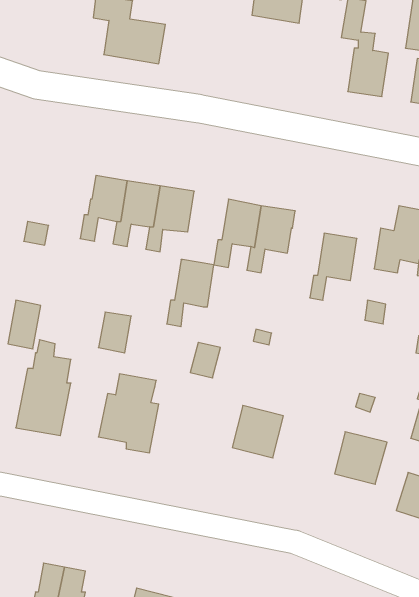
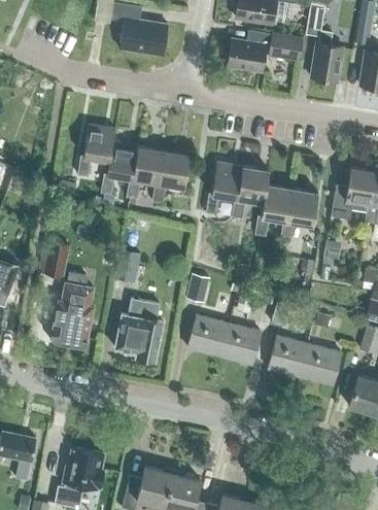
building: none -> [227,33,302,71]
building: none -> [77,125,114,176]
building: [167,260,214,327] -> [254,184,291,237]
building: none -> [187,315,228,356]
building: none -> [268,336,308,377]

